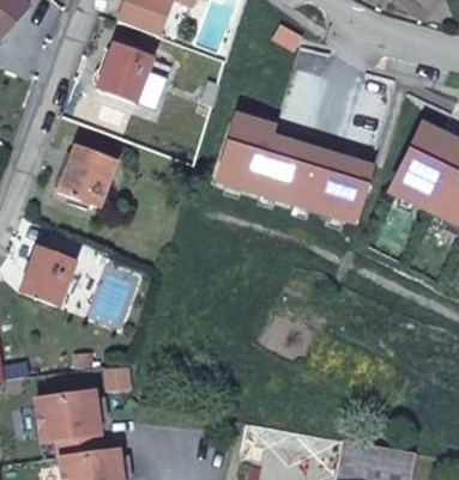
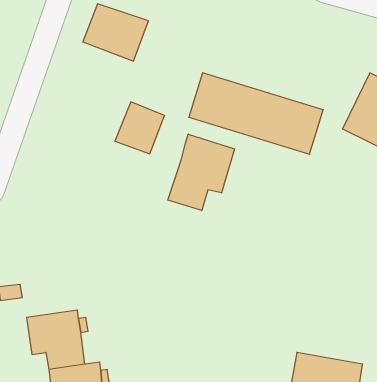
building: [56,146,113,205] -> [115,102,165,154]
building: none -> [168,134,234,211]
building: [18,247,73,304] -> none

